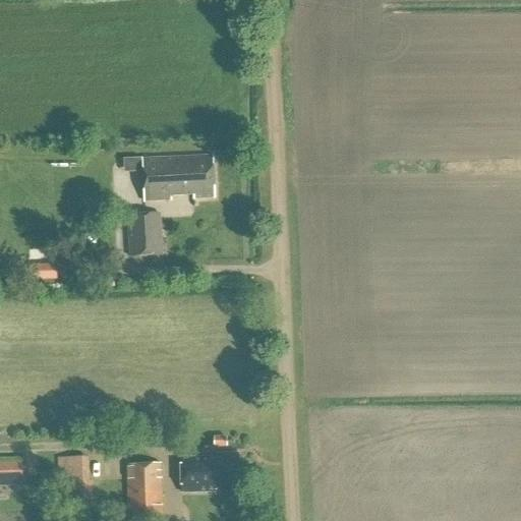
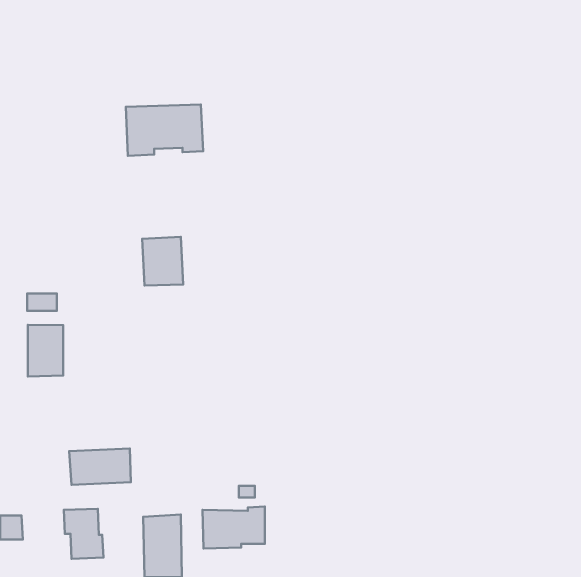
building: [144,154,214,199] -> [126,105,203,156]
building: none -> [28,325,63,376]
building: none -> [69,448,131,485]

